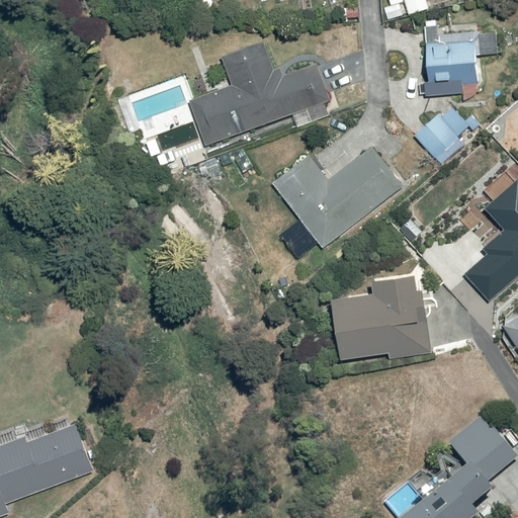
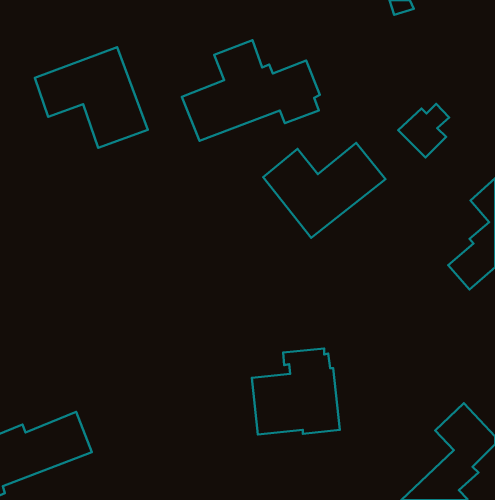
building: [419,25,483,94] -> none
building: none -> [35,47,148,148]
building: [339,272,430,361] -> [252,349,340,435]

